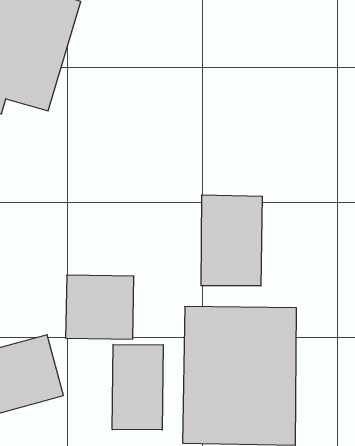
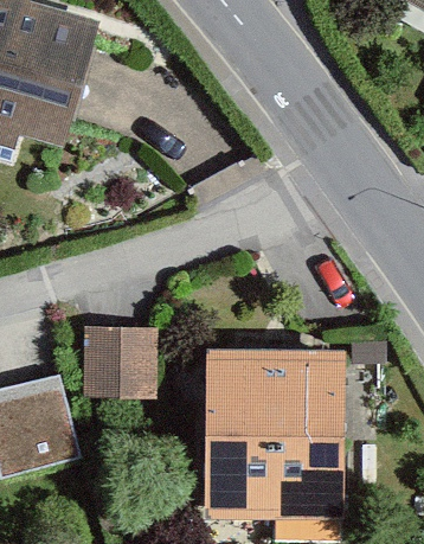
building: [201,195,262,286] -> none
building: [112,344,163,430] -> none

